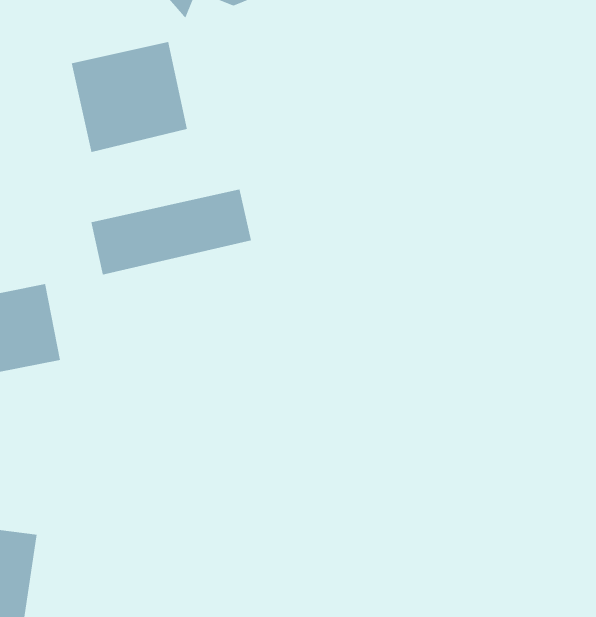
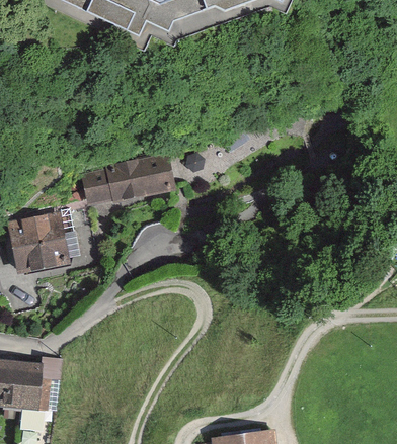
building: [71,41,188,153] -> none

